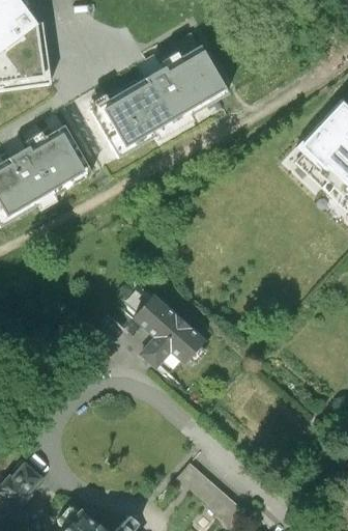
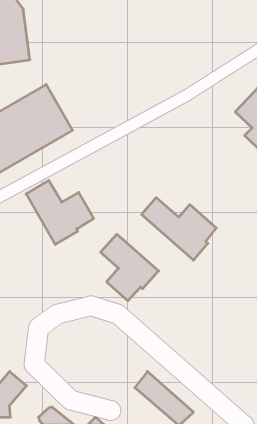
building: [91,35,229,153] -> none
building: none -> [26,180,94,245]
building: none -> [142,198,216,260]

